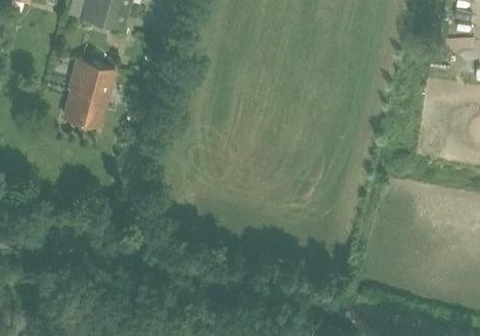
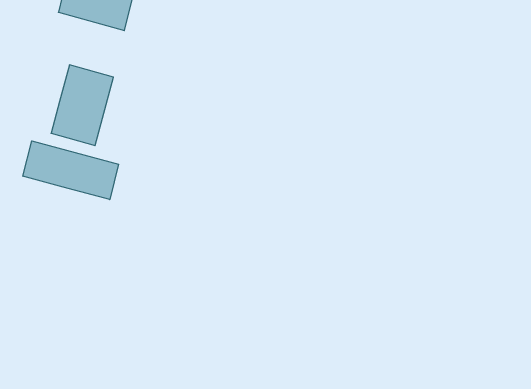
building: none -> [23,141,119,200]

